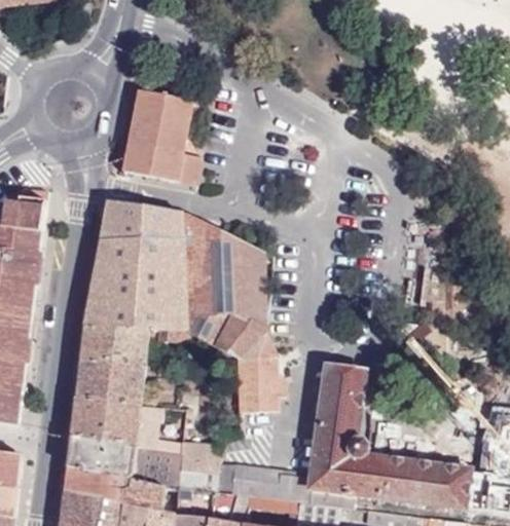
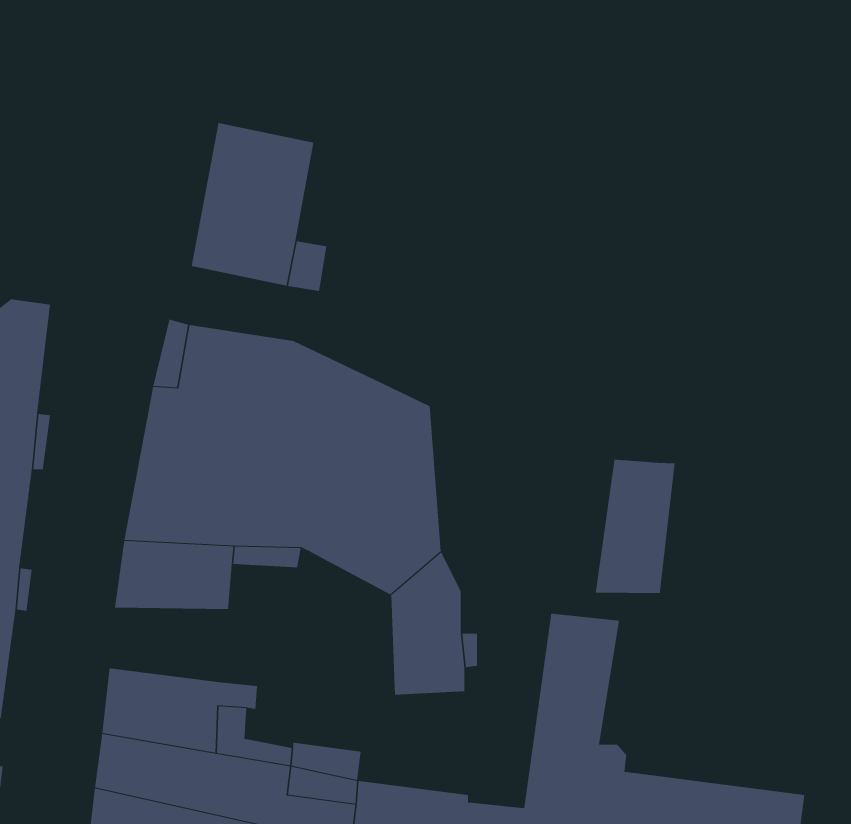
building: none -> [595,459,675,594]
building: [76,364,144,406] -> none

